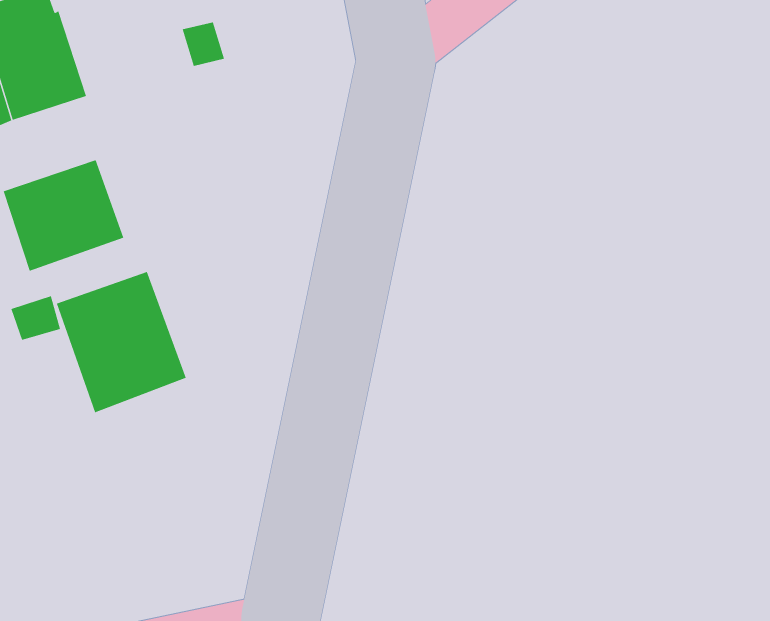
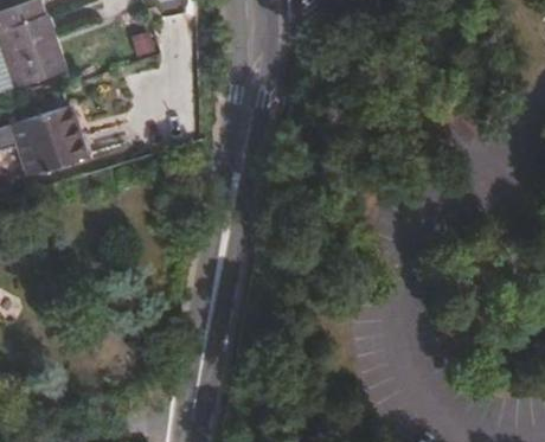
building: [56,271,186,413] -> none

